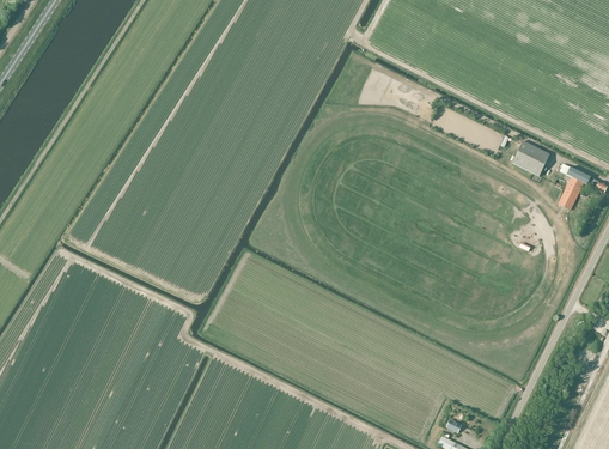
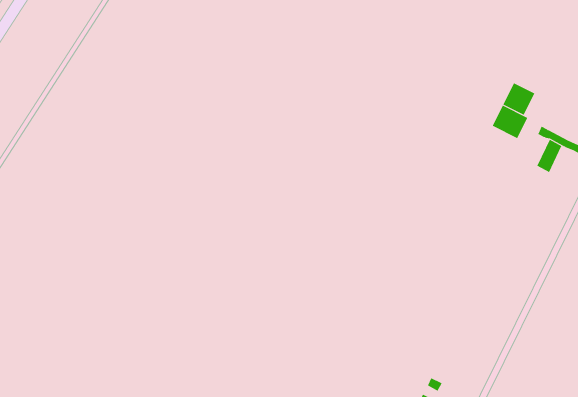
building: none -> [503,82,535,116]

